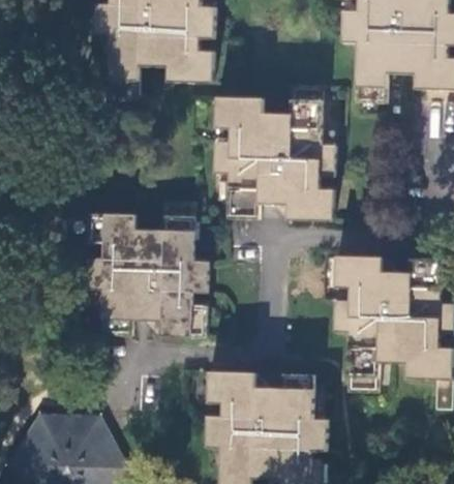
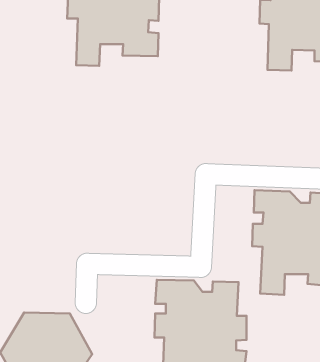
building: [216,85,335,219] -> none
building: [89,201,208,335] -> none

